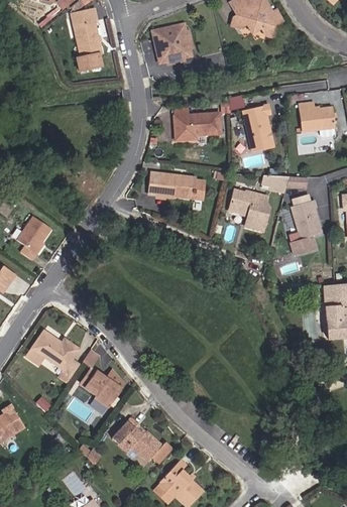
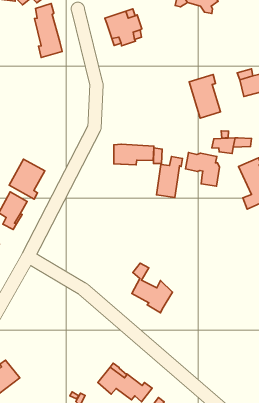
building: [175,105,221,140] -> none
building: none -> [9,159,45,199]
building: none -> [156,156,183,198]
building: [28,332,79,382] -> none
building: [78,350,123,407] -> [132,263,172,313]

